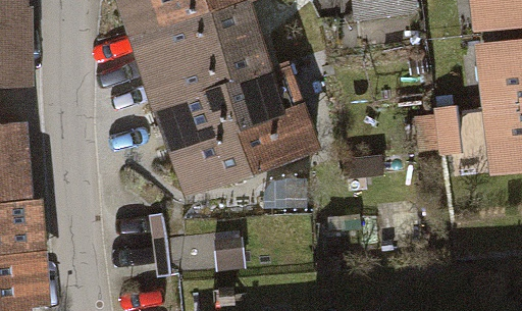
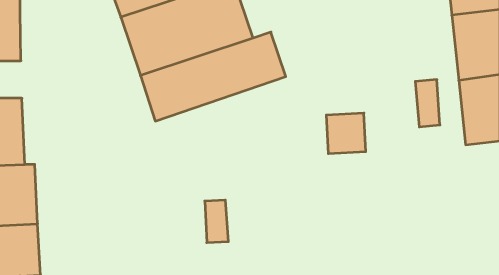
building: [166,102,318,198] -> none

